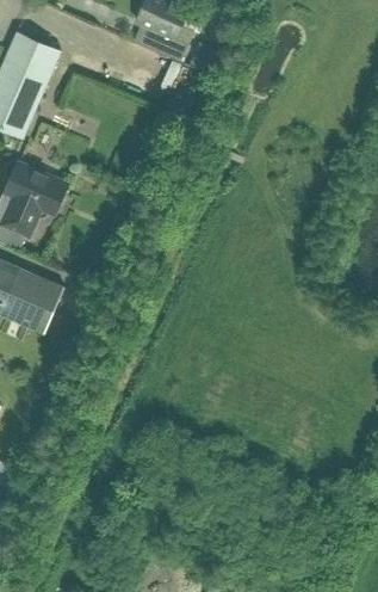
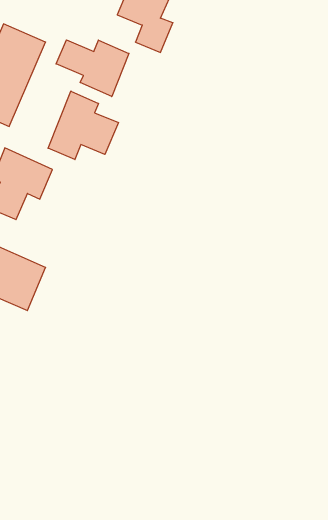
building: none -> [56,40,129,97]
building: none -> [48,91,119,160]

